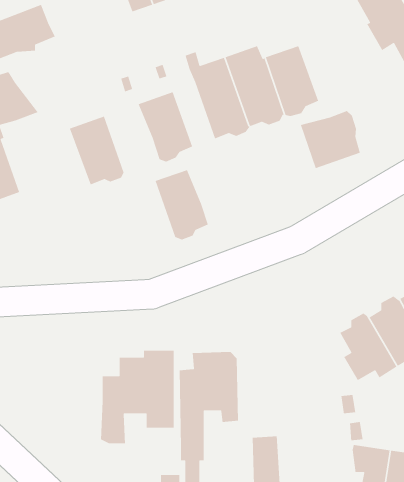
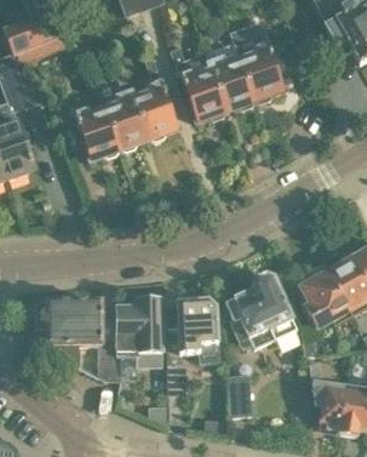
building: [300,110,361,169] -> none
building: [155,169,209,241] -> [103,91,149,152]
building: none -> [225,273,298,348]
building: none -> [36,301,101,366]

